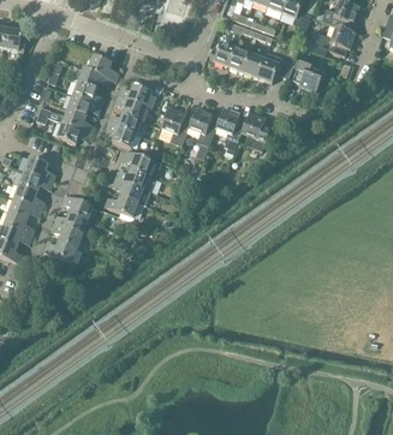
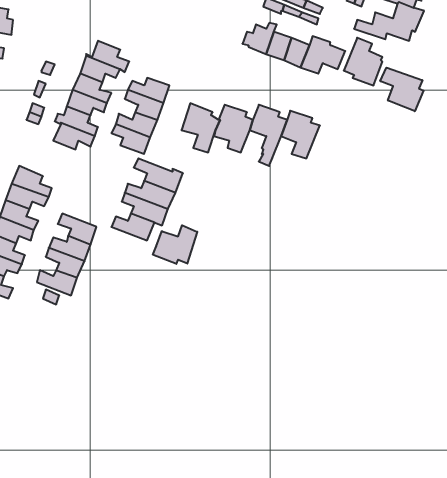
building: none -> [380,68,423,111]
building: none -> [153,225,197,264]

